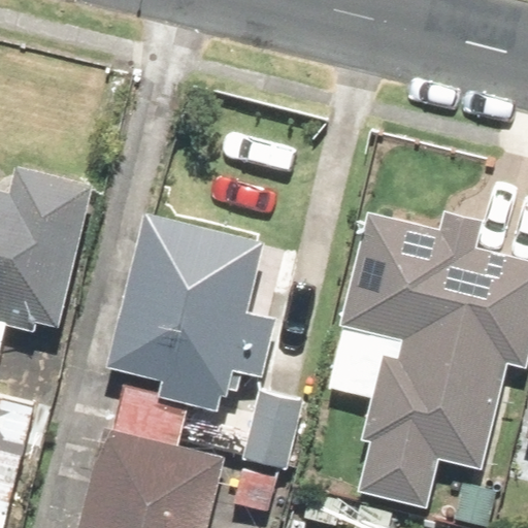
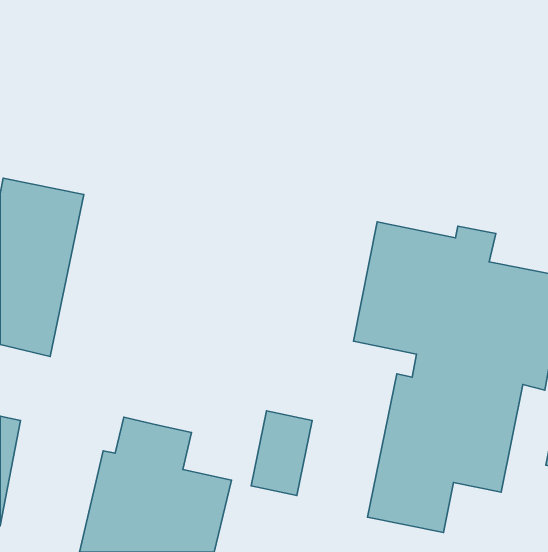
building: [110,217,267,418] -> none

